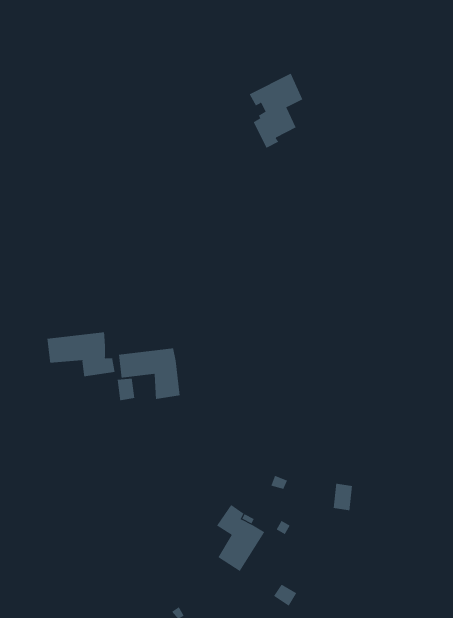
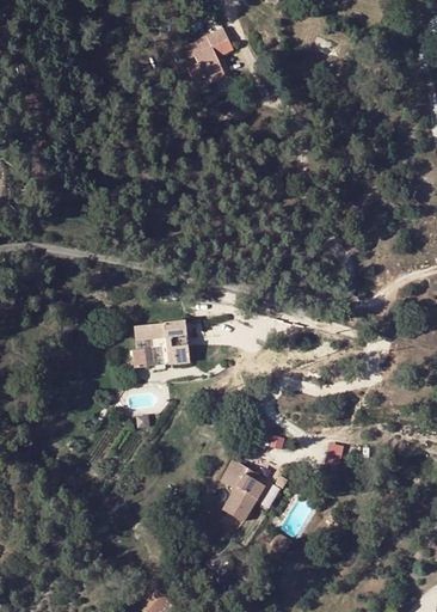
building: [249,73,303,149] -> [184,29,233,97]
building: [47,332,115,377] -> none

